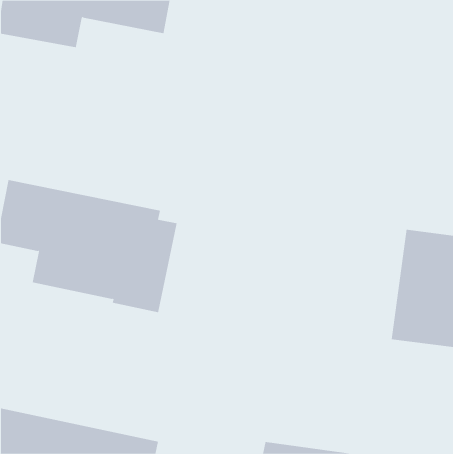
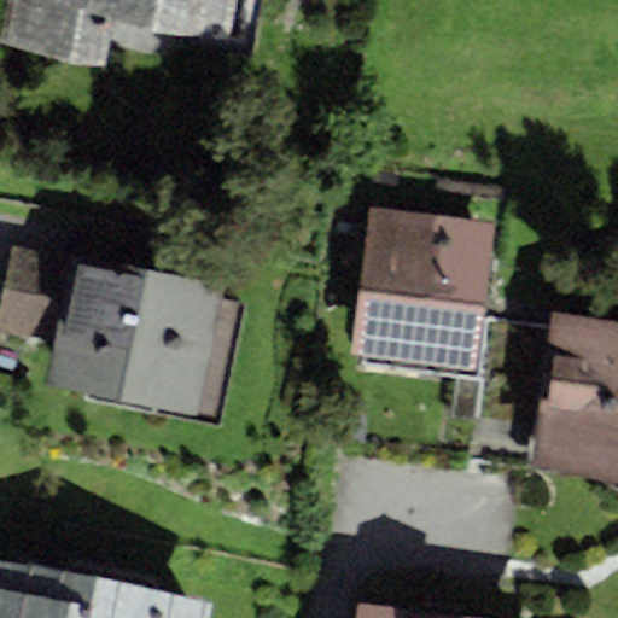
building: none -> [349,206,495,374]

